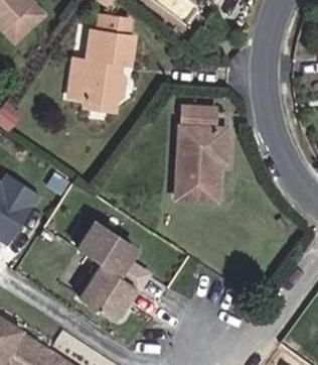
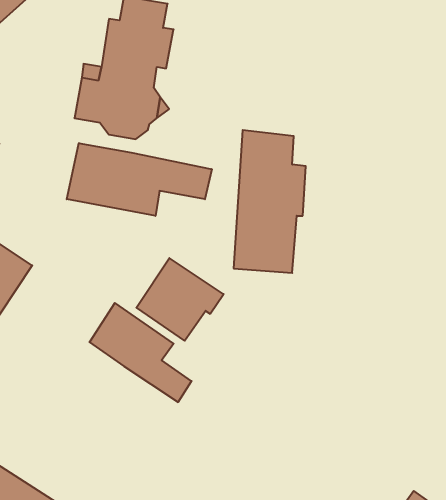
building: none -> [67,143,212,216]
building: [80,263,138,319] -> [136,258,224,341]

